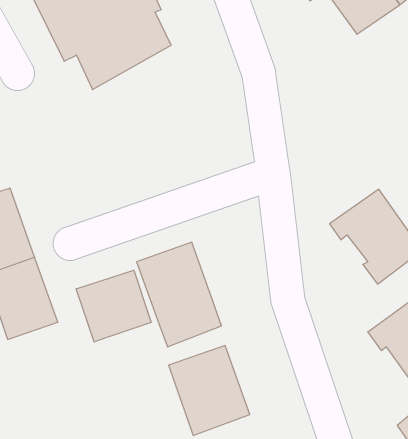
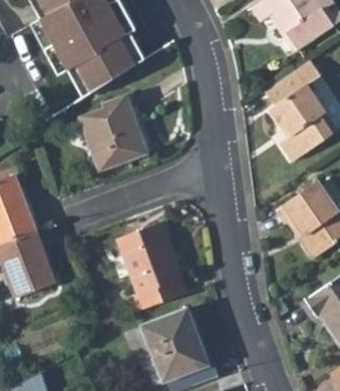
building: none -> [264,55,334,159]
building: none -> [80,93,152,167]
building: [76,270,151,342] -> none

